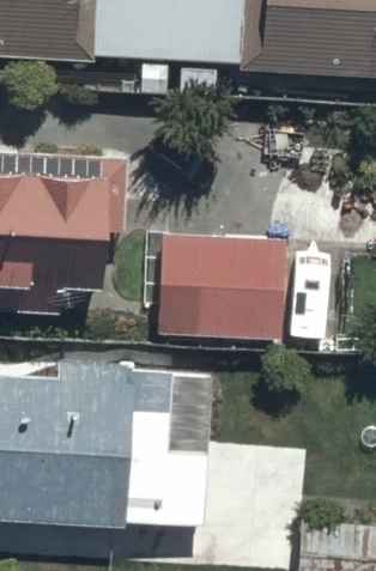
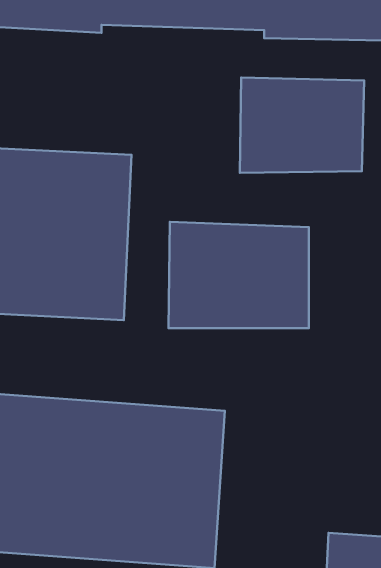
building: none -> [240,77,364,173]

